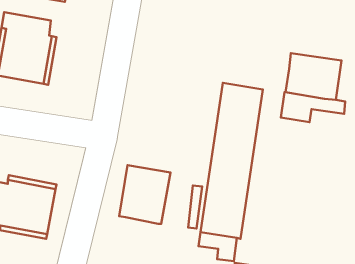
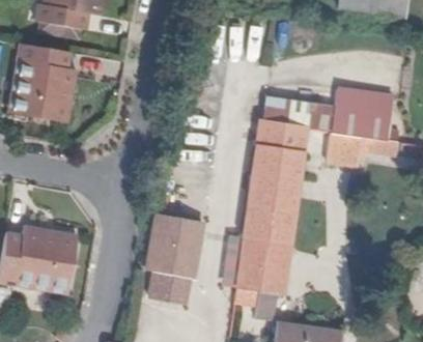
building: none -> [262,95,336,132]
building: none -> [149,270,191,303]

